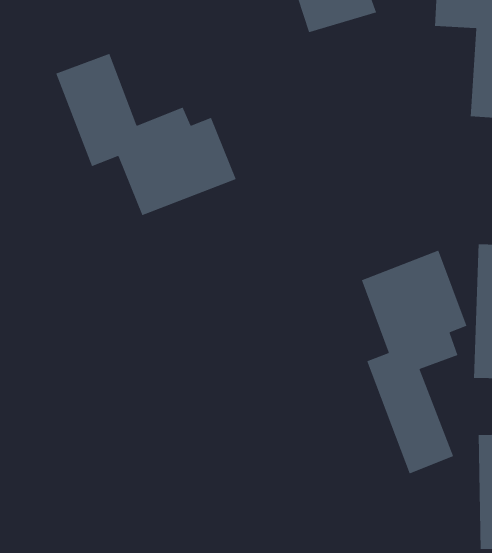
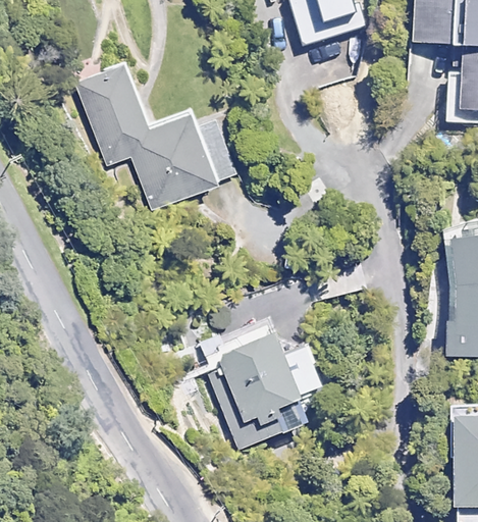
building: [361,249,468,475] -> none
building: none -> [207,337,315,450]

